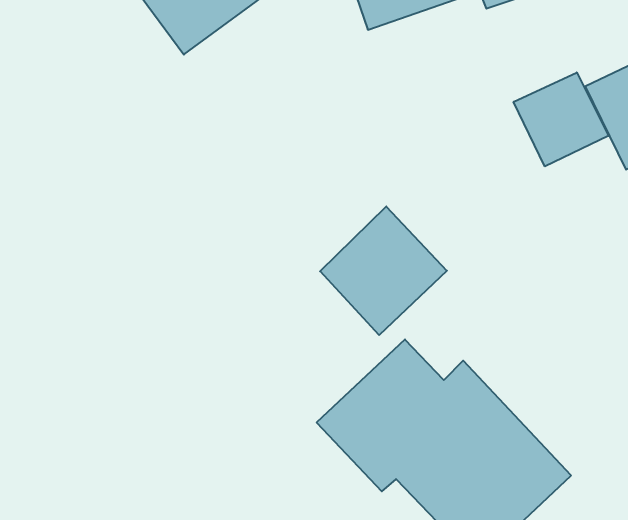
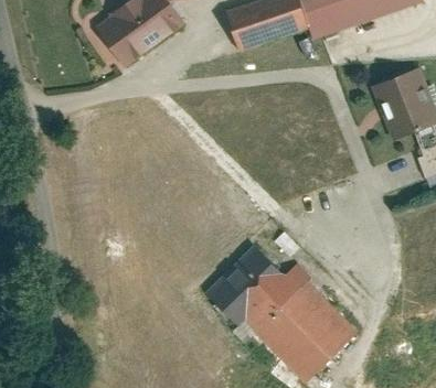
building: [514,72,609,166] -> none
building: [320,206,447,335] -> none

